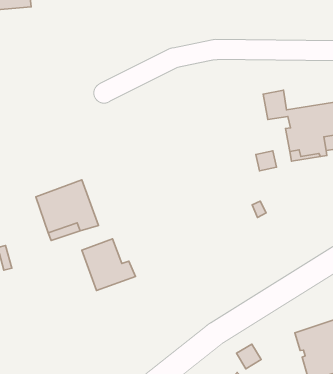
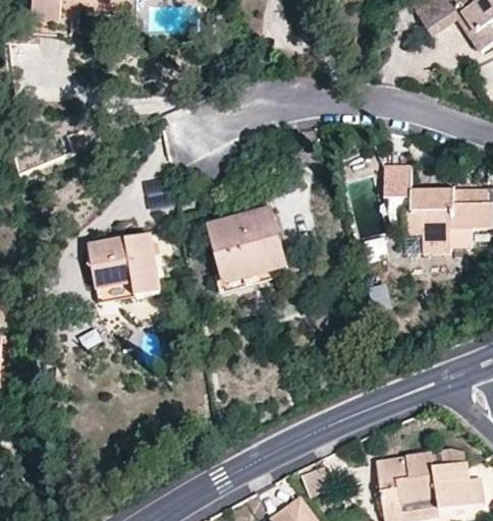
building: none -> [207,206,286,283]
building: [82,239,135,291] -> none

